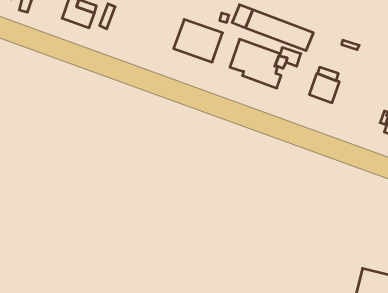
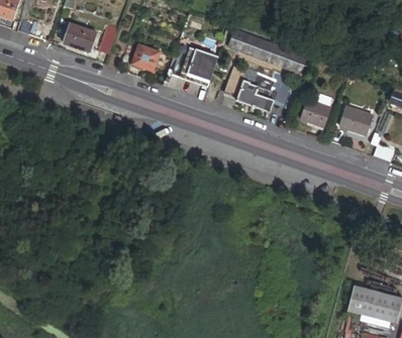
building: none -> [131,43,160,70]
building: none -> [340,104,373,132]

